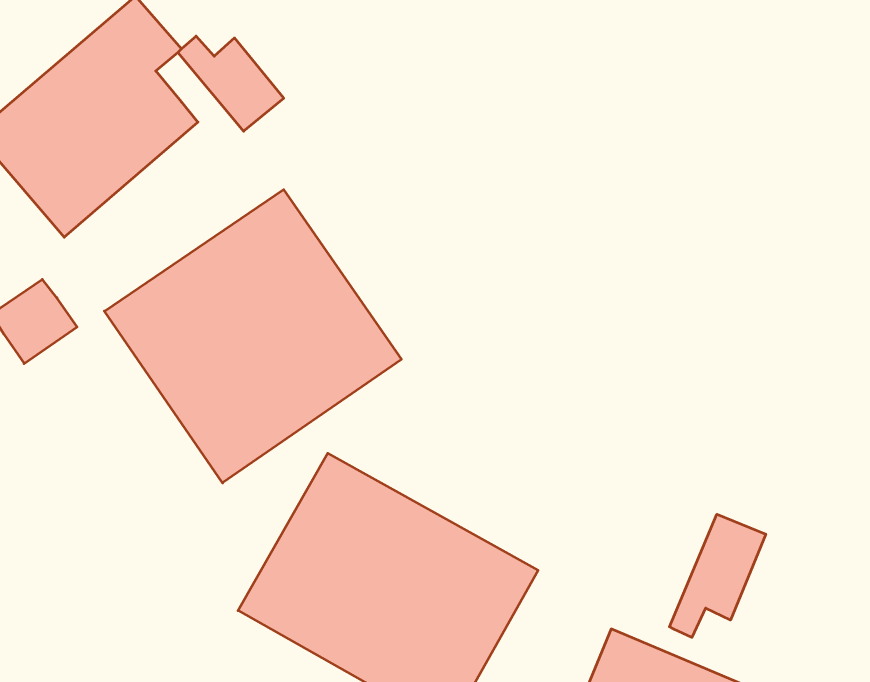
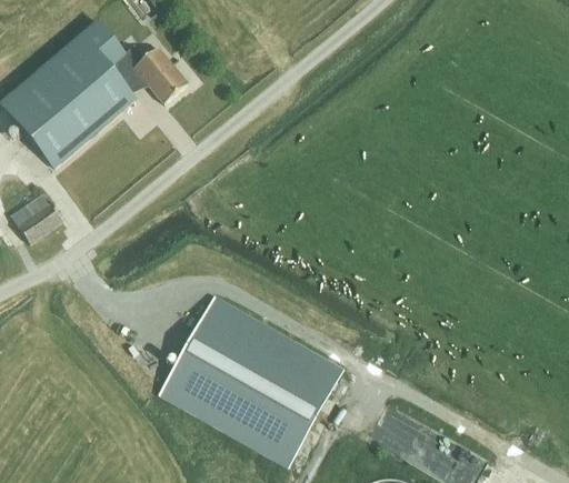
building: [104,190,401,483] -> none
building: [669,514,766,637] -> none

